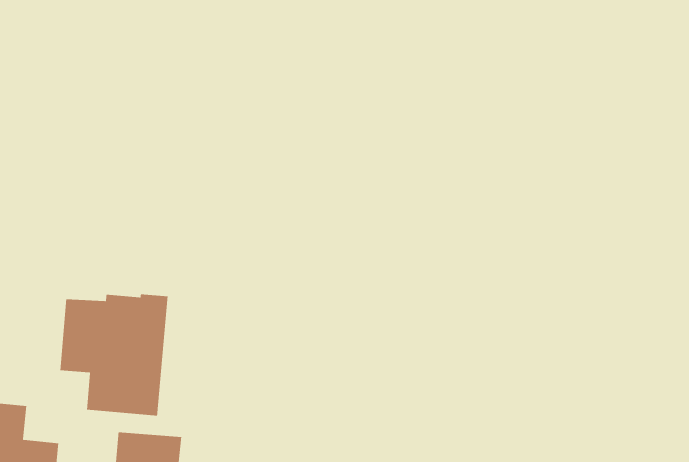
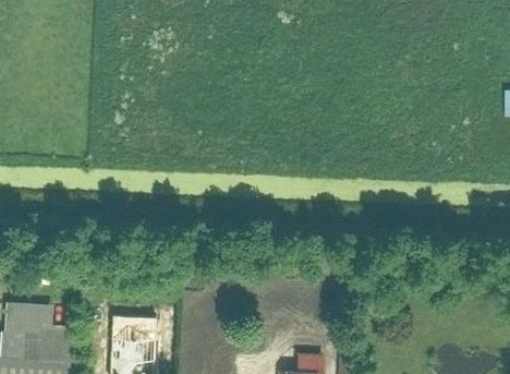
building: [60,294,168,416] -> none

